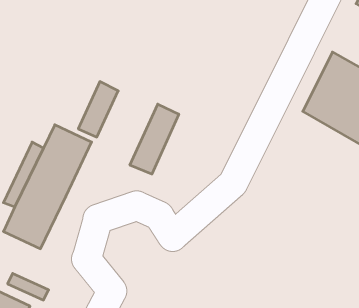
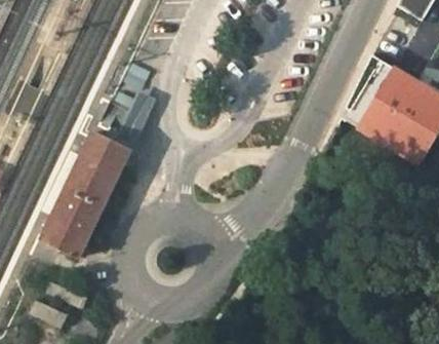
building: [130,104,179,174] -> none

